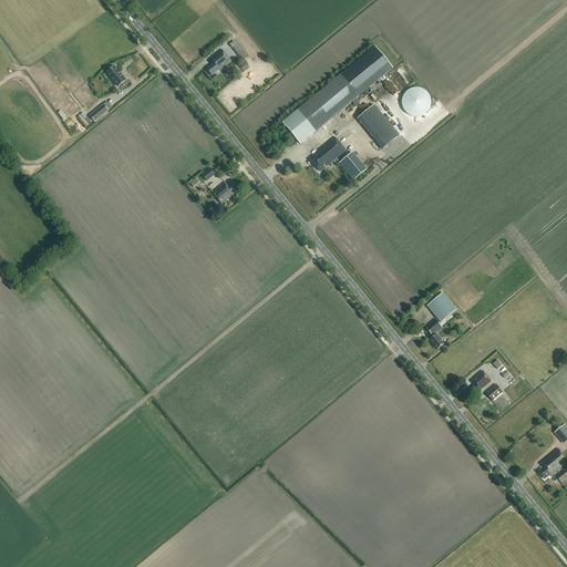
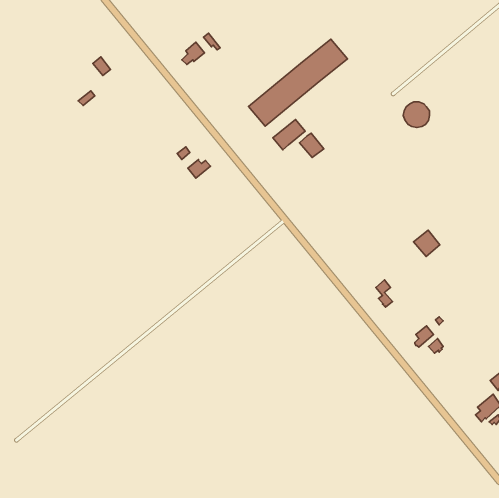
building: [402,86,432,115] -> [403,102,430,127]
building: [358,103,401,147] -> none
building: [427,291,457,321] -> [413,230,440,257]

